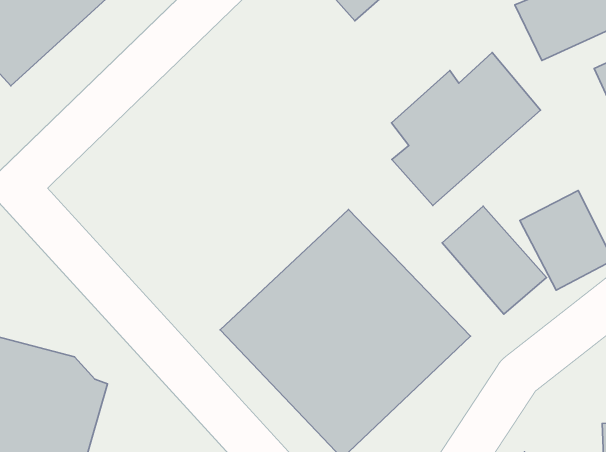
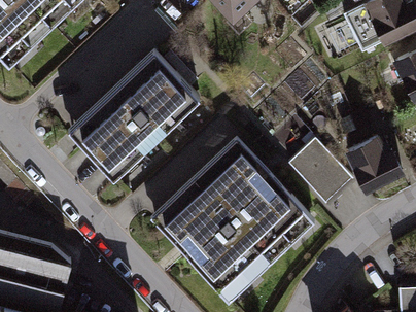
building: [392,52,540,205] -> none
building: none -> [65,57,196,185]

